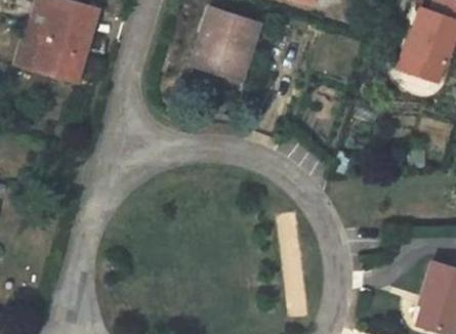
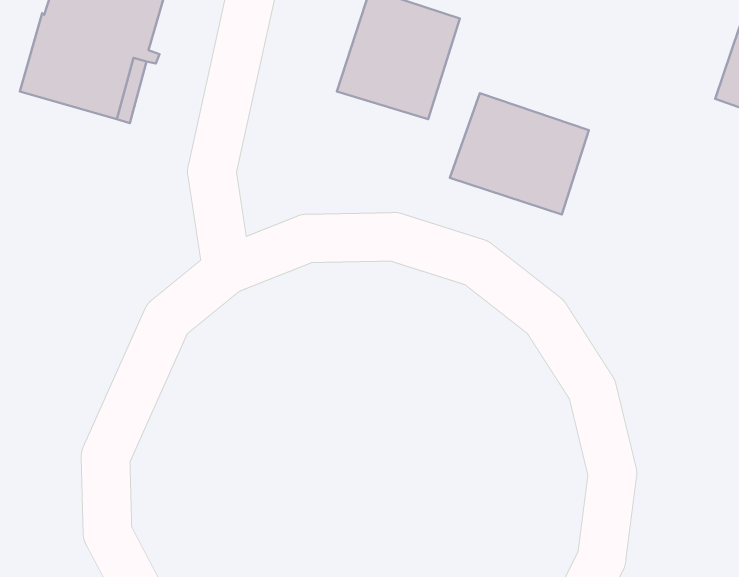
building: none -> [450,93,589,214]

